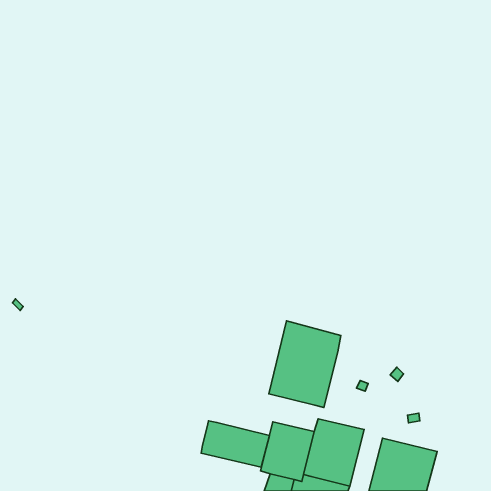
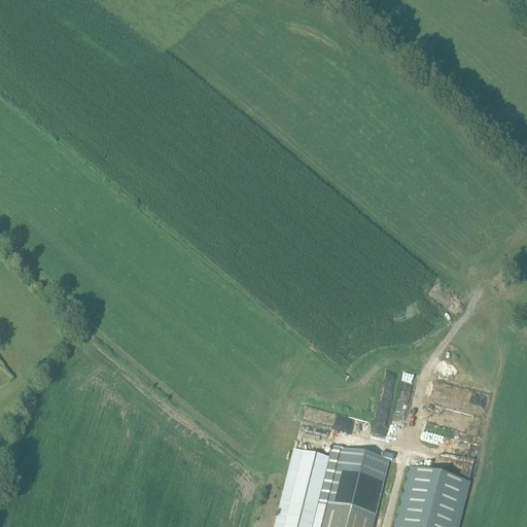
building: [269,321,341,407] -> none
building: [201,421,269,467] -> none

